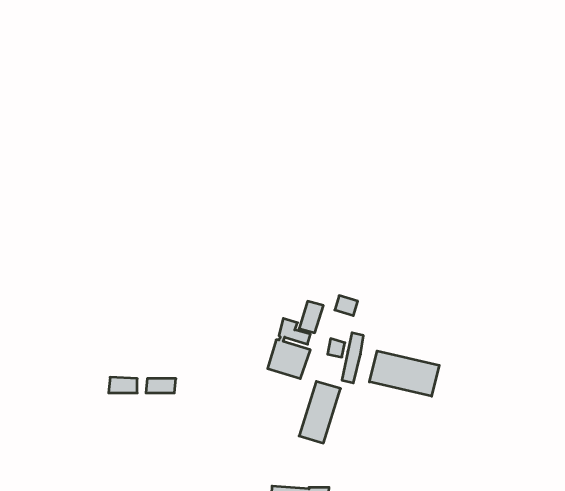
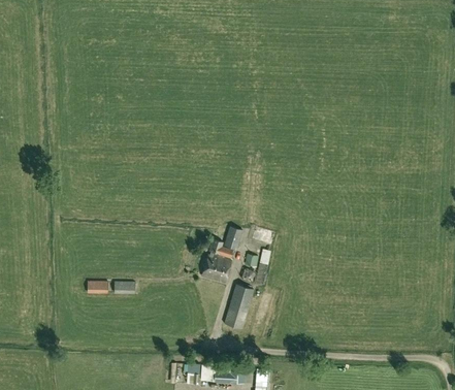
building: [369,351,439,396] -> none

